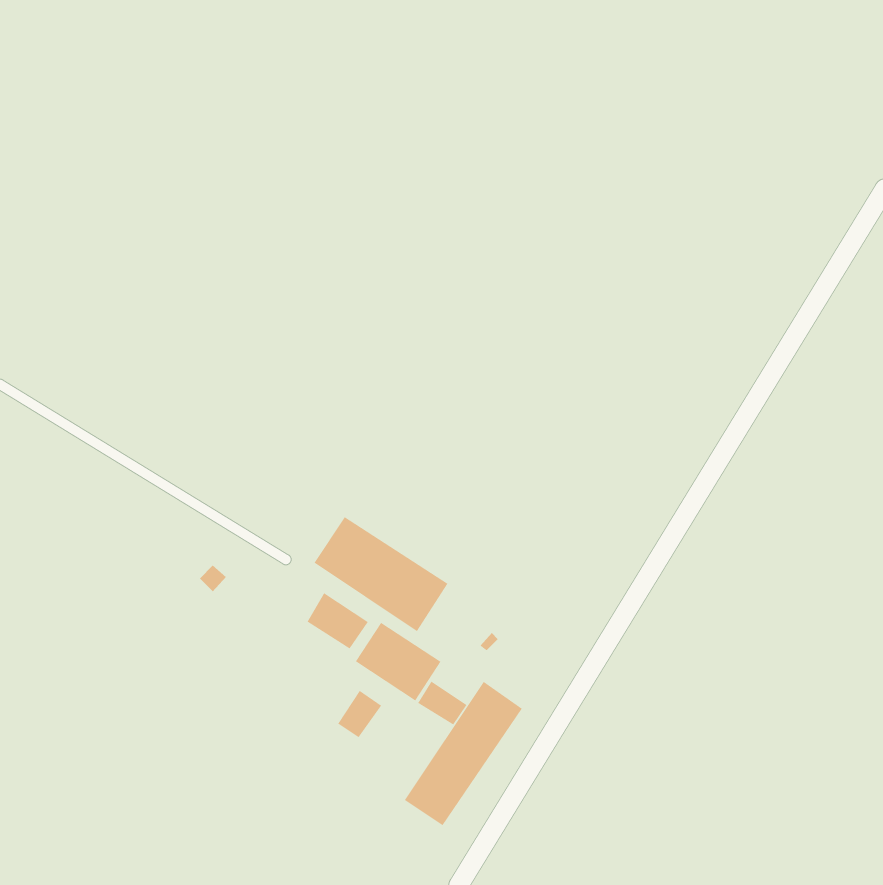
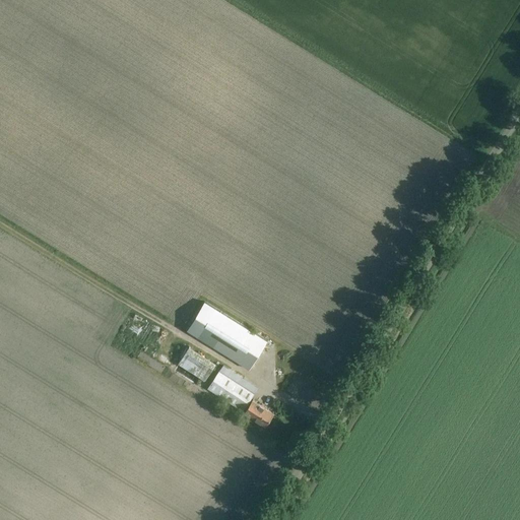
building: [404,681,523,826] -> none
building: [337,690,382,738] -> none

